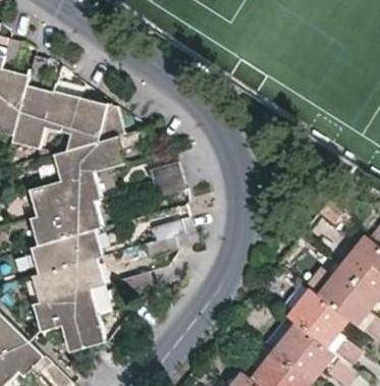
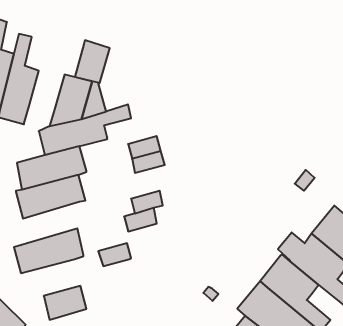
building: [48,92,84,135] -> [75,40,110,83]
building: [33,230,105,275] -> none
building: [31,289,100,332] -> none

